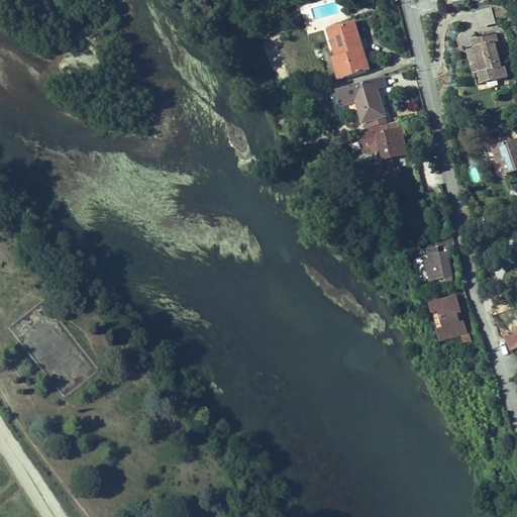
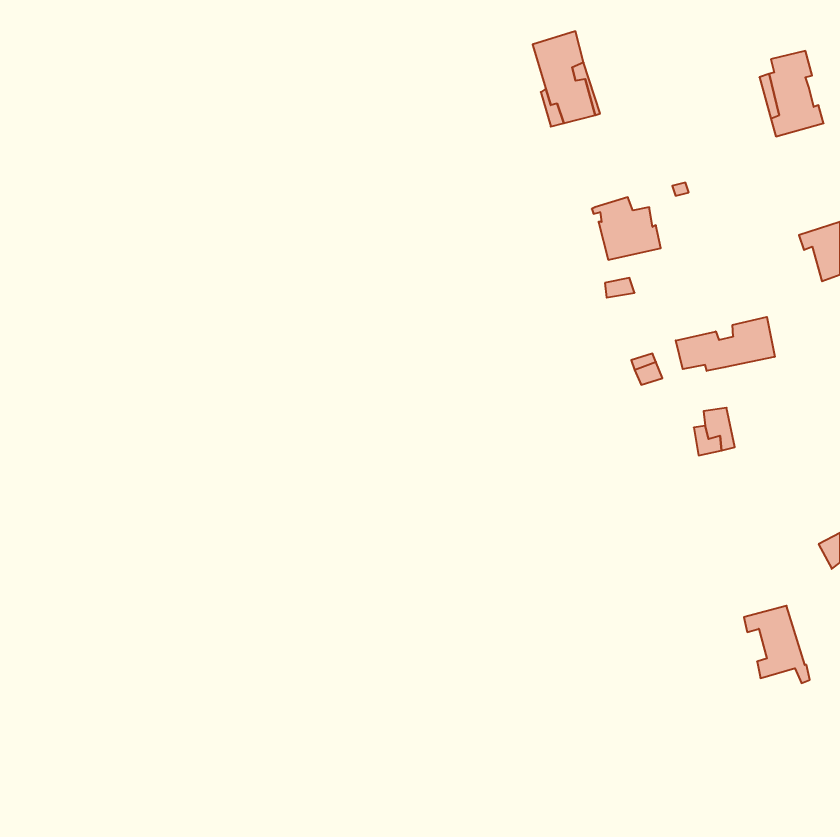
building: [337,76,386,127] -> none
building: none -> [676,317,775,371]
building: [429,295,470,342] -> [744,606,810,683]

